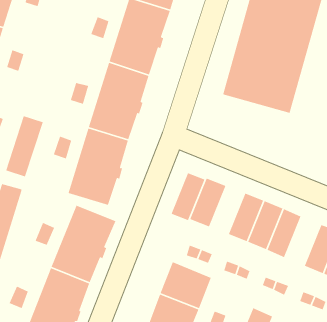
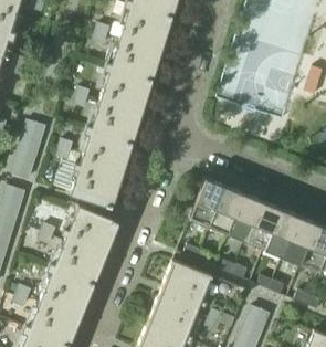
building: [170,172,206,221] -> [209,187,243,234]
building: none -> [282,217,317,265]

